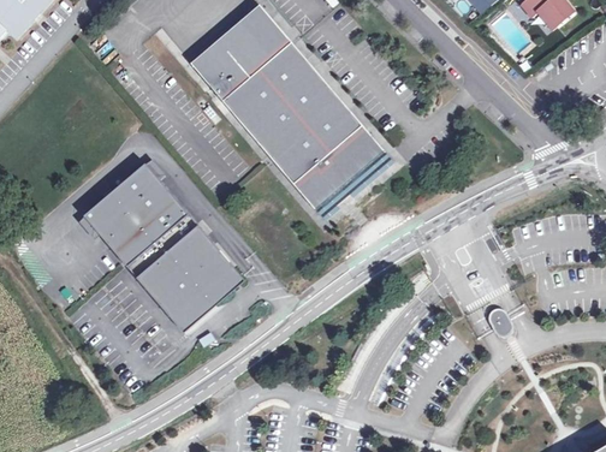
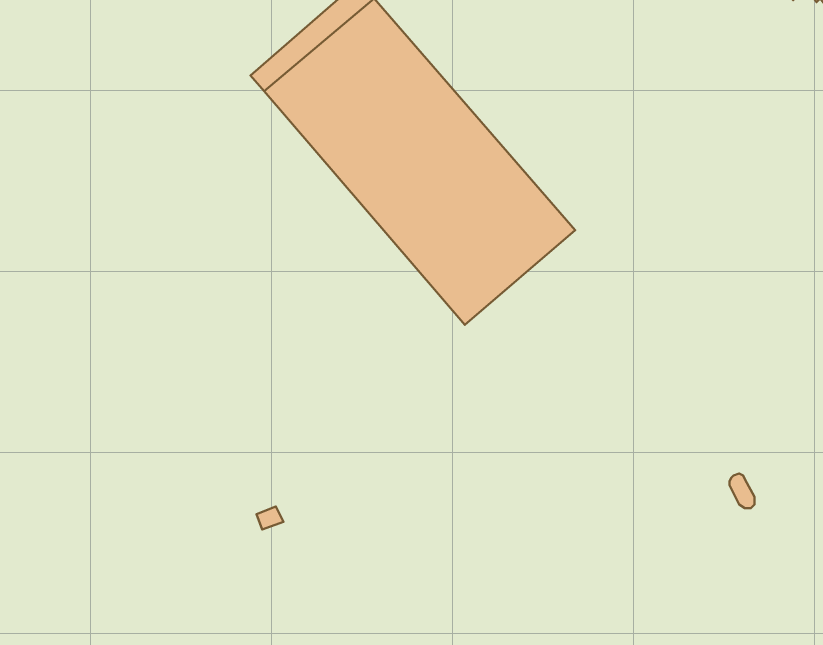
building: [85,165,242,329] -> none

